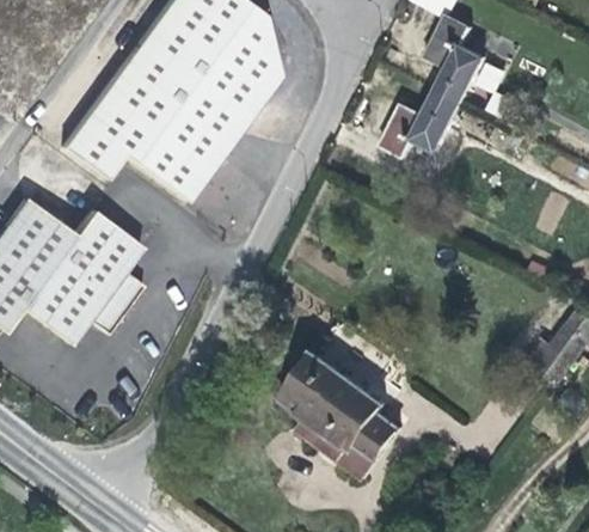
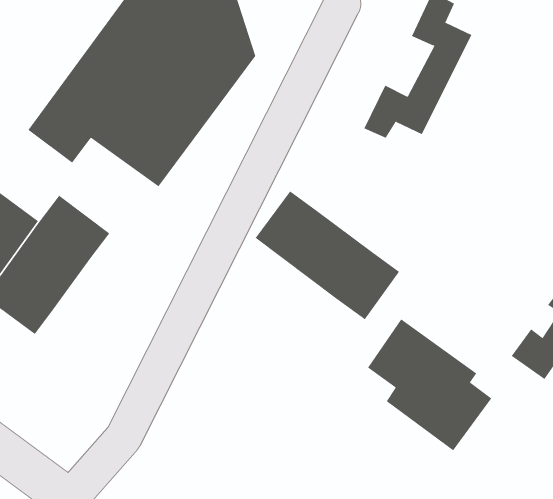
building: none -> [255,191,400,320]
building: [86,271,141,335] -> none
building: [282,353,401,479] -> [367,319,492,451]

